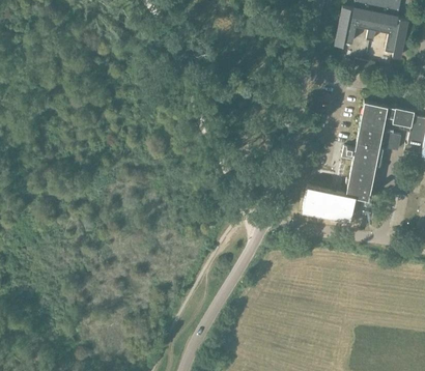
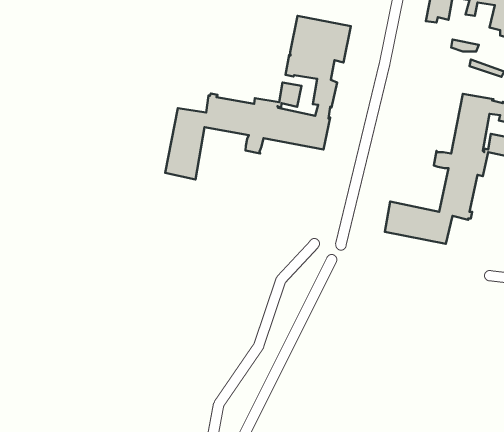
building: none -> [165,16,351,179]

